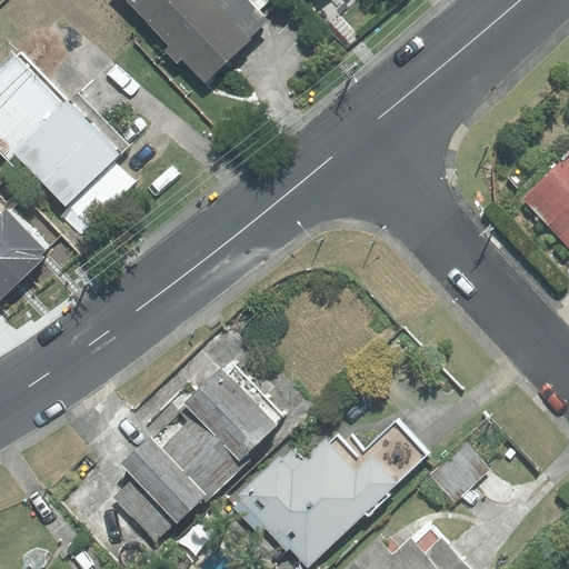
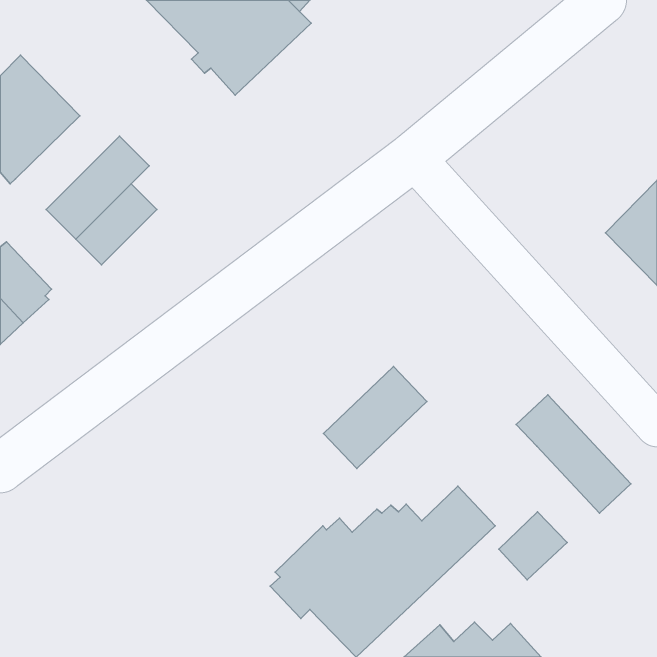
building: [13,92,103,181] -> none
building: none -> [324,367,427,468]
building: none -> [516,395,631,513]
building: [113,360,286,540] -> none

